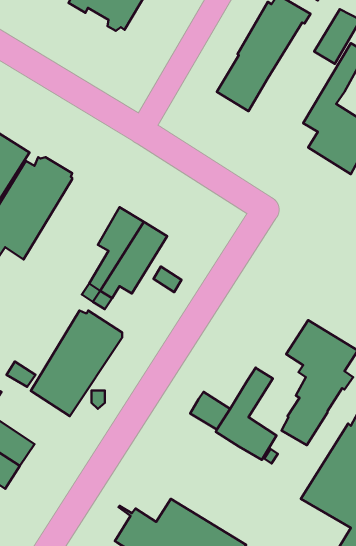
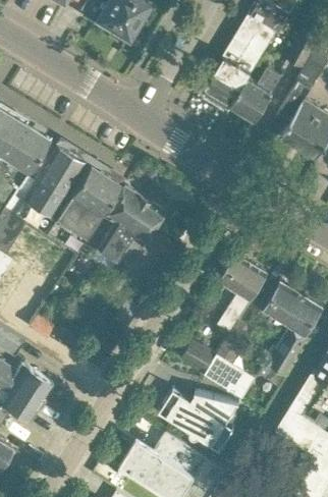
building: none -> [233,68,284,121]
building: none -> [220,254,269,332]
building: [31,311,122,416] -> [45,163,121,252]
building: none -> [165,389,237,451]

